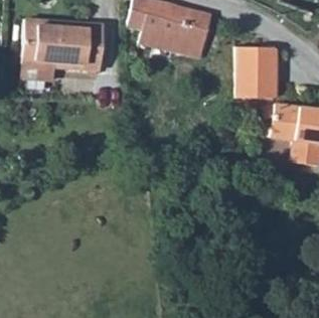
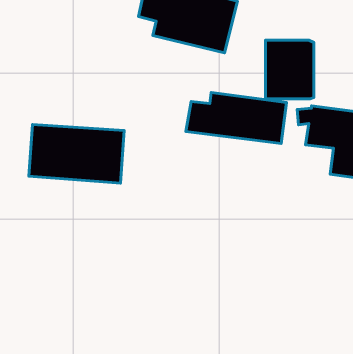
building: [21,20,103,70] -> [29,125,124,183]
building: none -> [186,92,287,143]

